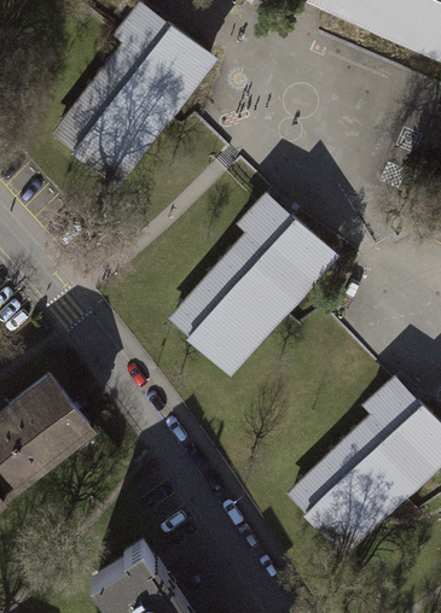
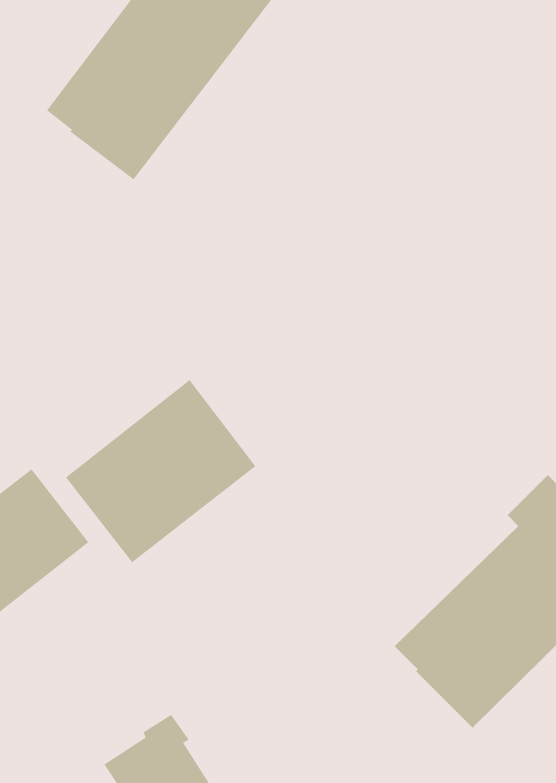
building: [174,197,335,372] -> none
building: none -> [65,379,256,563]

